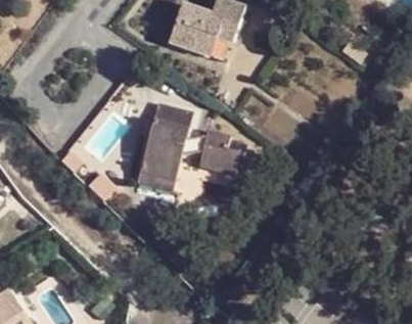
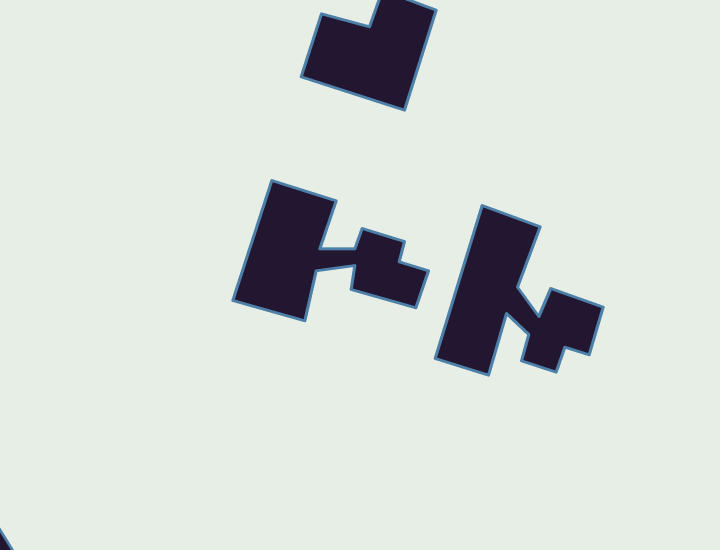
building: none -> [435,206,603,375]

